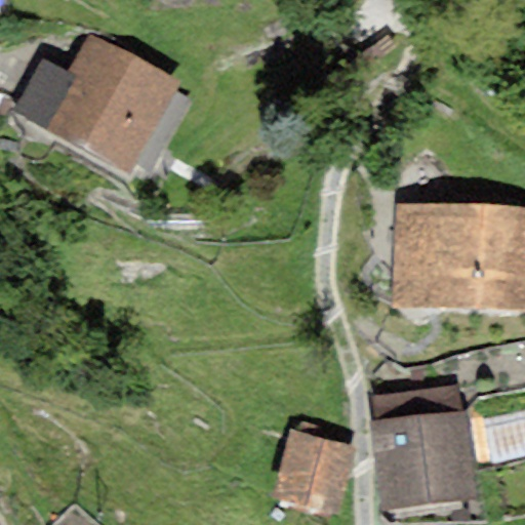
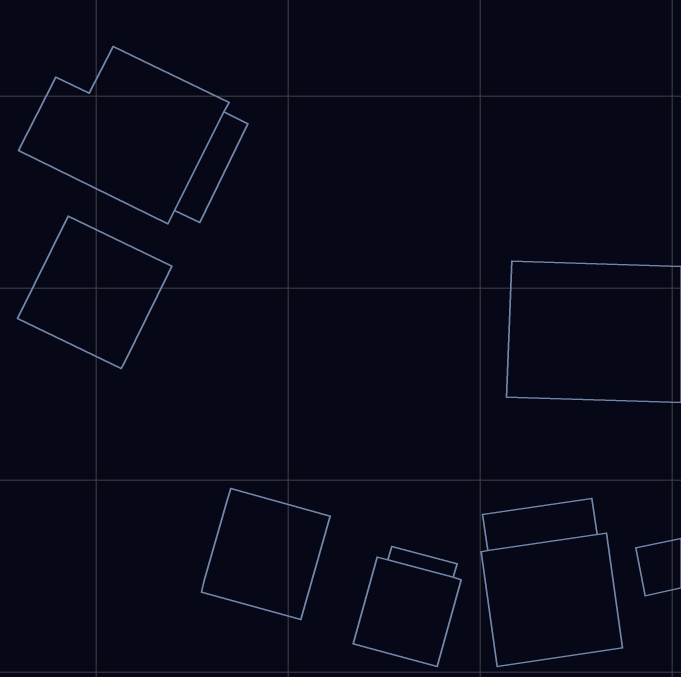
building: none -> [17,216,172,369]
building: none -> [201,488,330,620]

